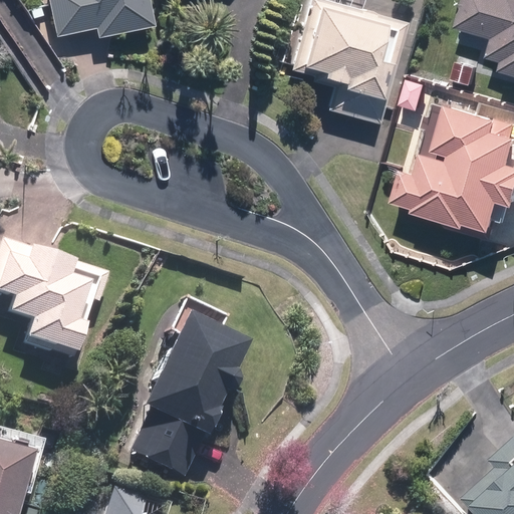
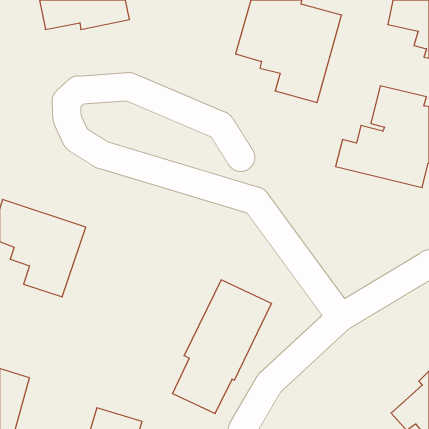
building: [132,313,250,473] -> [172,280,272,414]

